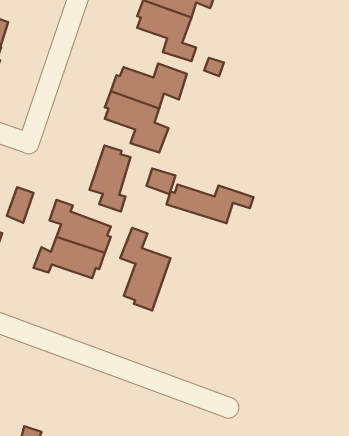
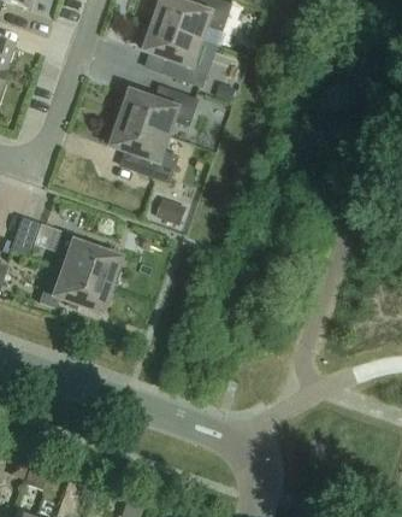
building: [89,146,130,211] -> none
building: [166,185,254,223] -> none
building: [120,228,171,310] -> none

